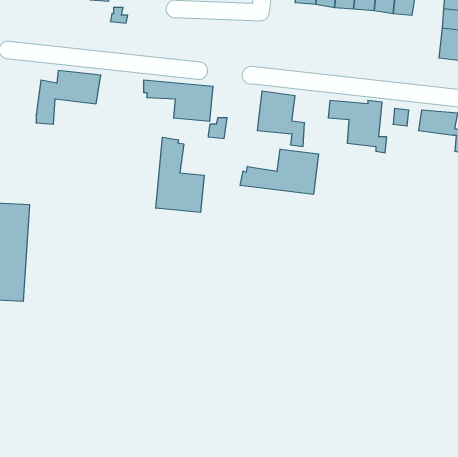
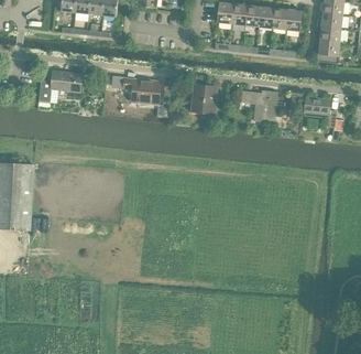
building: [156,137,204,212] -> none
building: [240,149,318,194] -> none

